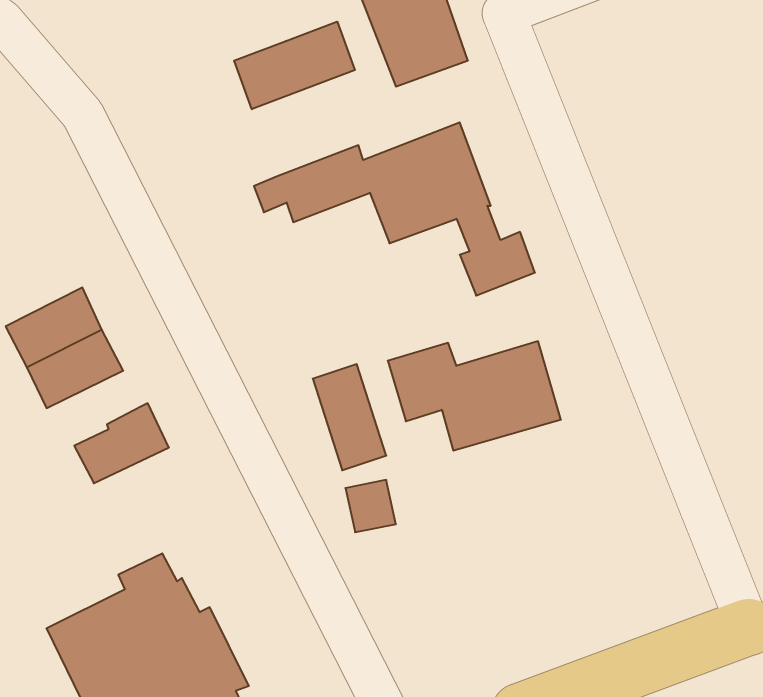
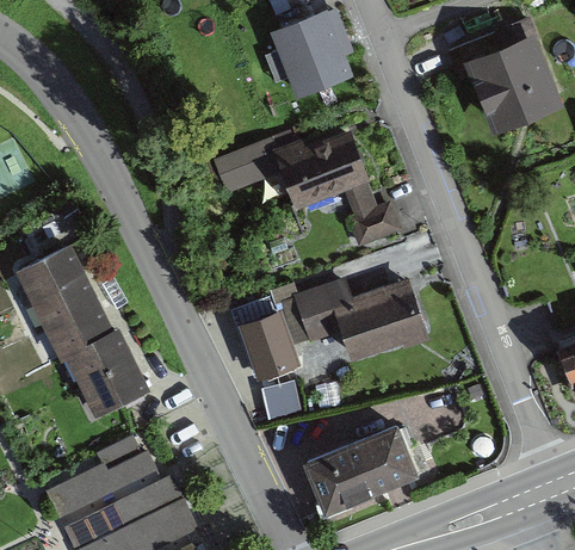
building: none -> [456,37,554,137]
building: [234,22,355,109] -> none
building: none -> [47,302,116,360]
building: none -> [81,358,152,416]
building: none -> [301,419,421,514]

